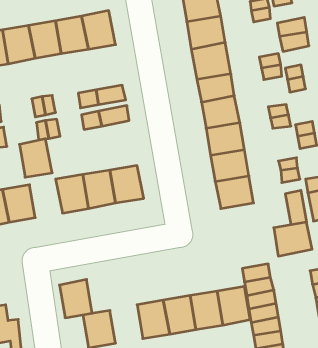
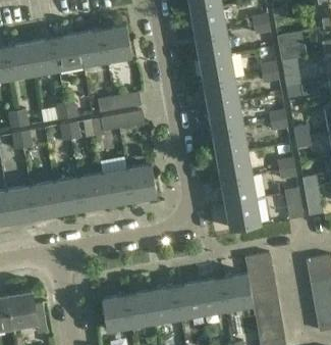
building: [19,139,52,177] -> [54,178,84,212]
building: [274,222,312,256] -> [226,199,261,230]
building: [59,279,92,318] -> [126,291,156,326]

